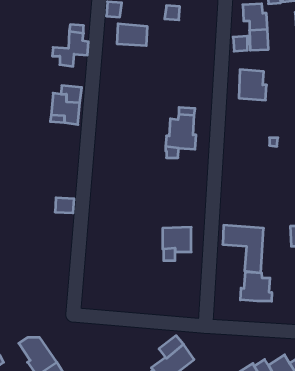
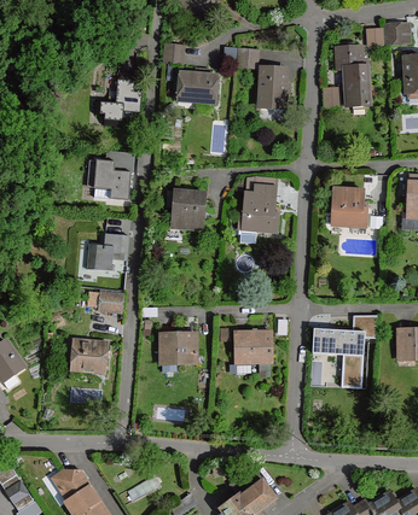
building: none -> [259,68,284,109]
building: [239,70,267,100] -> [331,188,366,227]
building: none -> [170,191,204,229]
building: none -> [86,234,127,270]
building: none -> [158,334,196,363]
building: none -> [70,341,106,370]
building: [240,272,272,301] -> none

